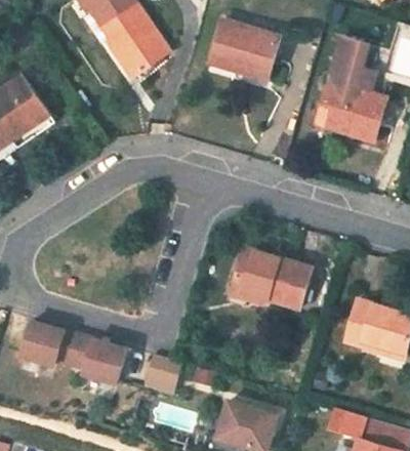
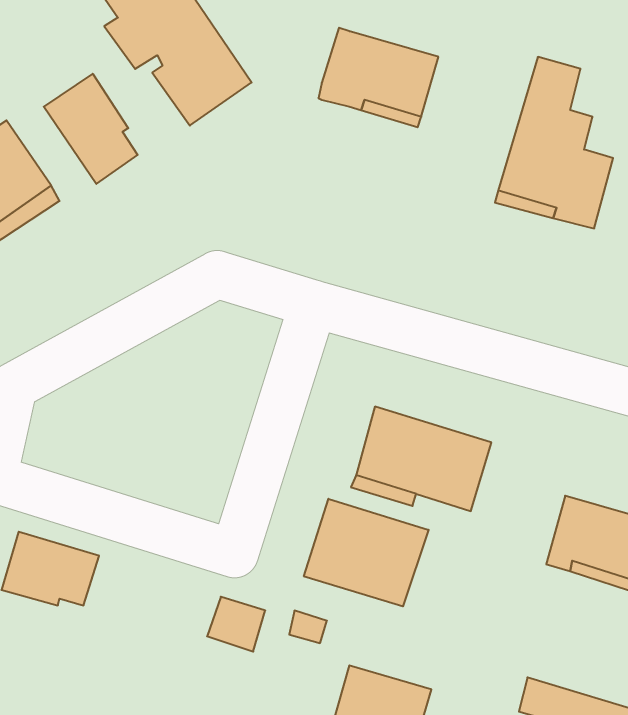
building: none -> [44,74,138,184]
building: none -> [304,499,429,606]
building: [69,335,125,383] -> none

